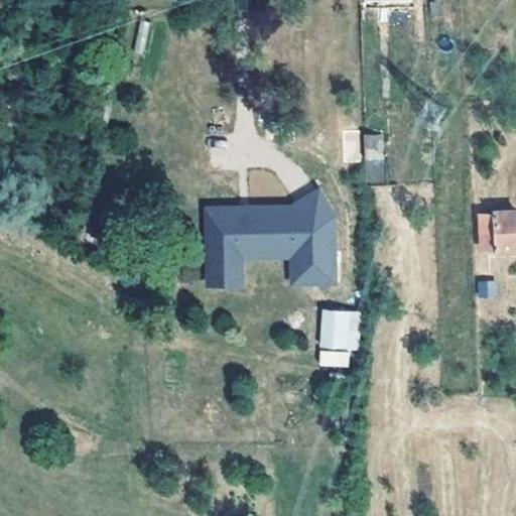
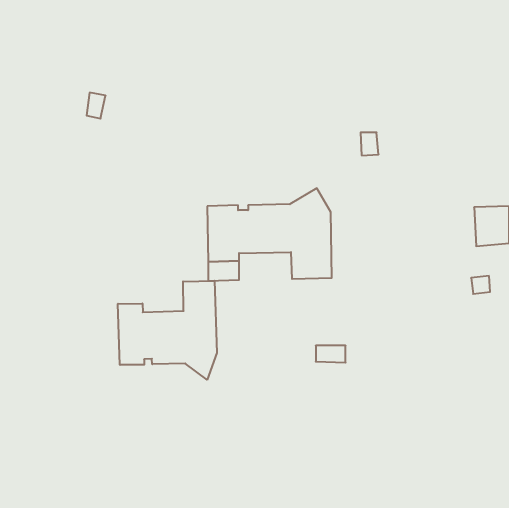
building: none -> [118,281,217,380]
building: [321,310,360,347] -> none

